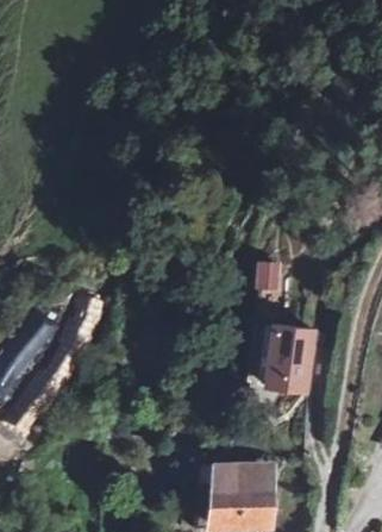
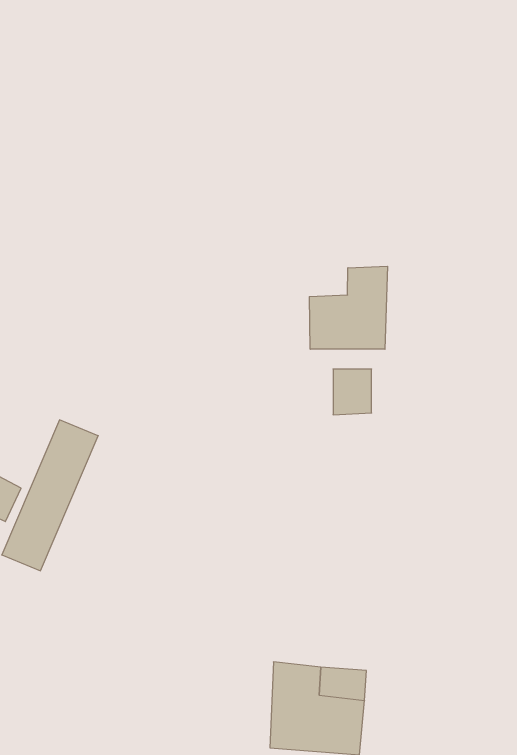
building: none -> [309,266,388,349]
building: [265,330,314,394] -> none

